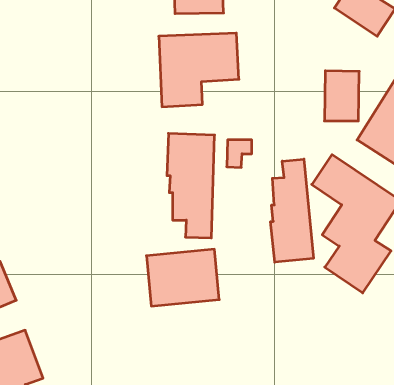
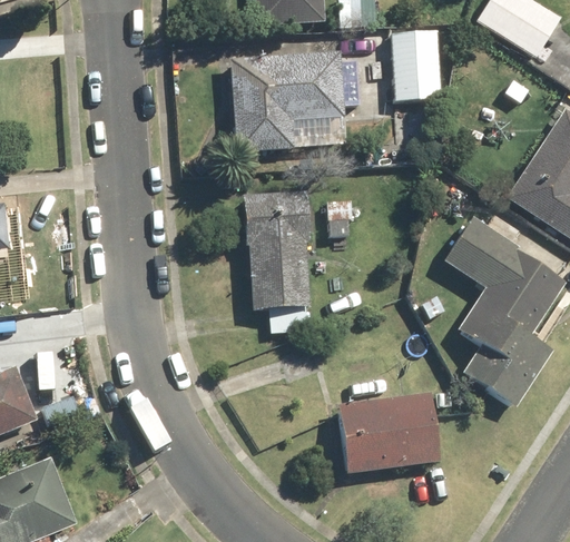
building: [324,71,359,121] -> [393,30,441,99]
building: [271,159,313,262] -> none
building: [146,249,219,306] -> [342,394,442,472]

